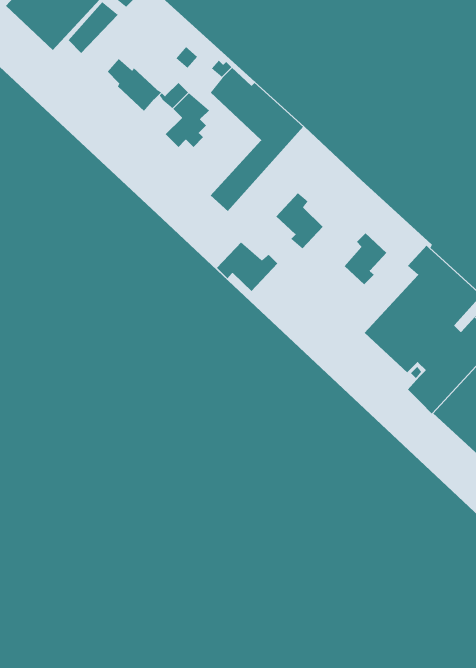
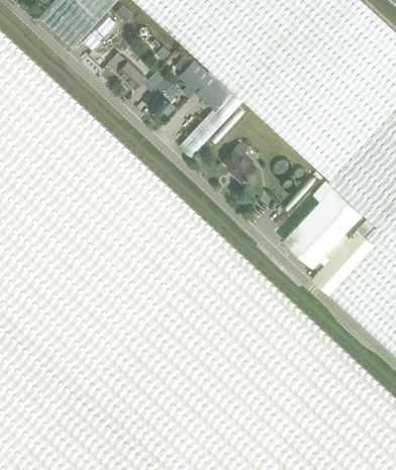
building: [344,233,387,285] -> none
building: [216,241,278,292] -> none

